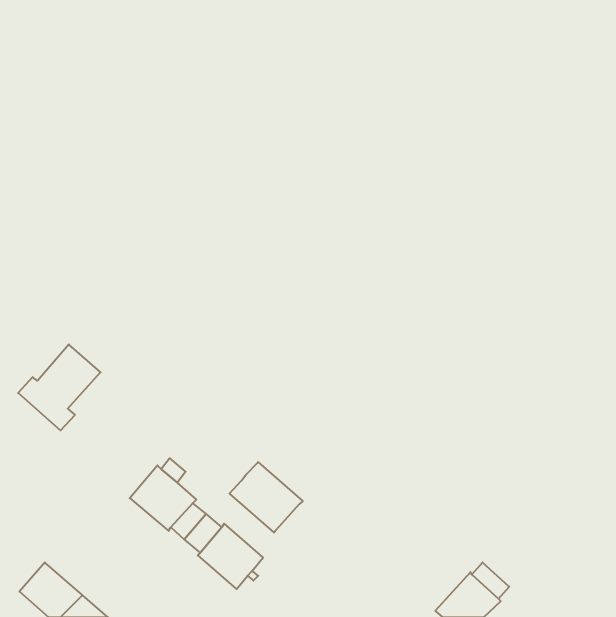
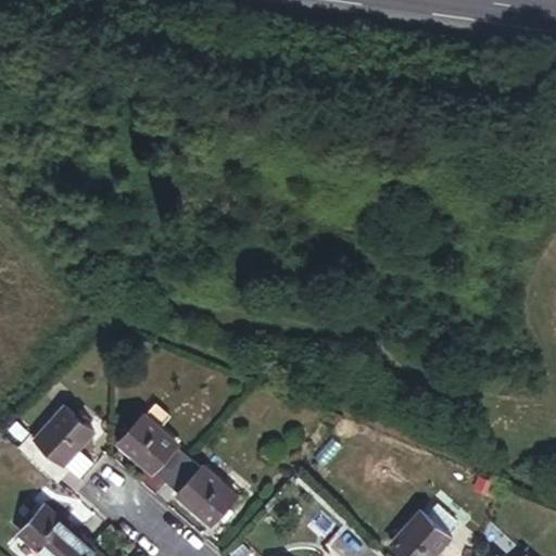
building: [18,344,101,430] -> [20,407,93,484]
building: [229,462,303,533] -> none

